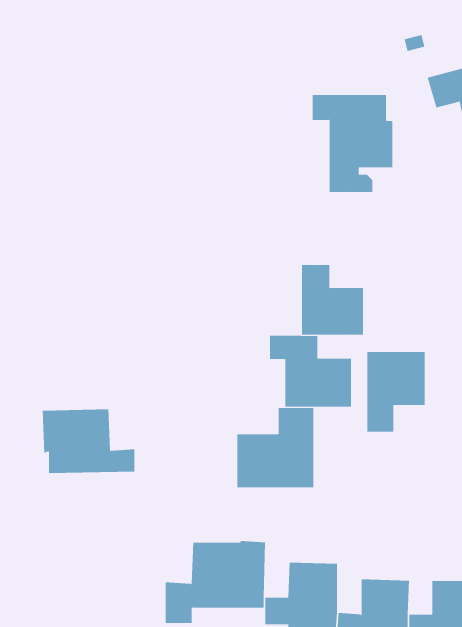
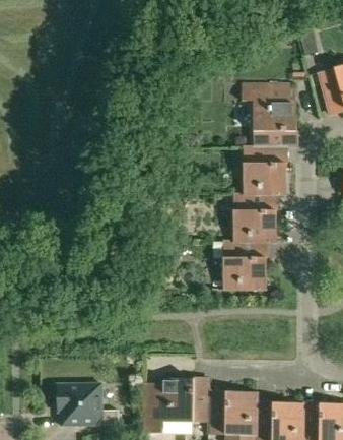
building: none -> [244,147,287,195]
building: [367,351,425,432] -> none
building: [237,407,314,488] -> none
building: [42,409,135,473] -> [57,383,119,426]

